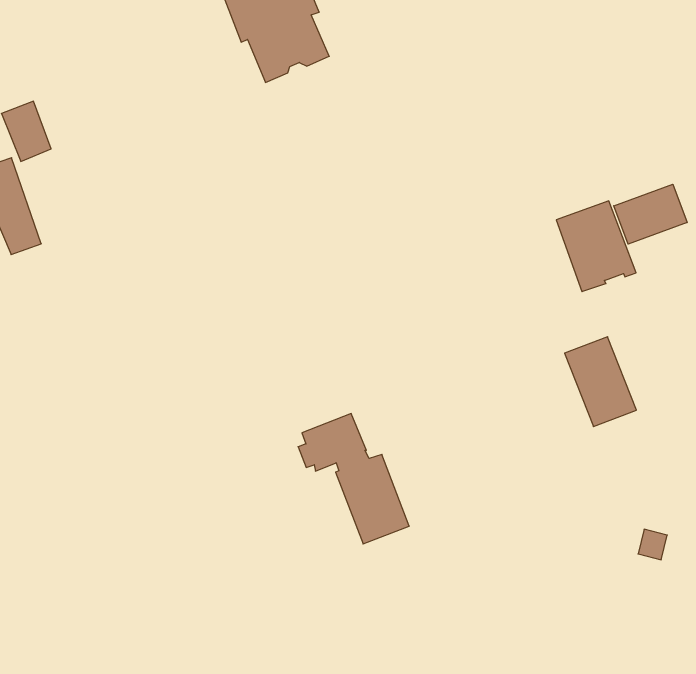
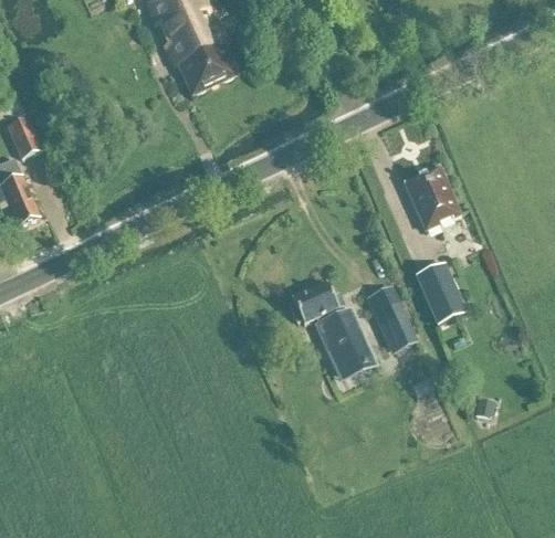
building: [614,184,687,244] -> none
building: none -> [364,285,415,351]
building: [298,414,409,544] -> [291,282,373,373]

